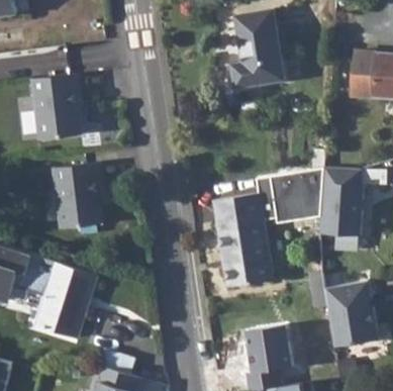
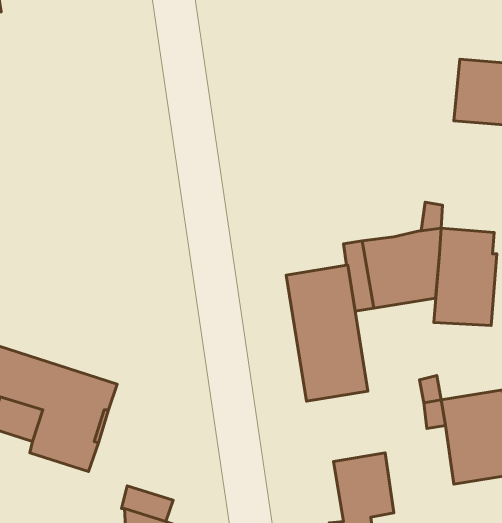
building: [232,10,284,89] -> none
building: [30,75,81,140] -> none
building: [50,166,101,231] -> none

